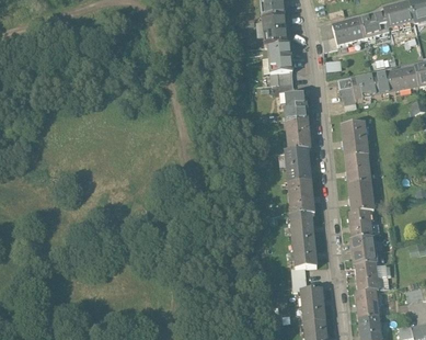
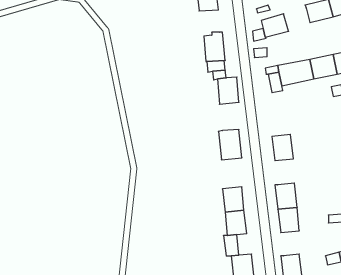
building: [358,10,389,36] -> none
building: [263,12,286,42] -> none
building: [286,116,311,148] -> none
building: [341,120,368,155] -> none
building: [288,179,314,214] -> none
building: [348,180,372,209] -> none
building: [355,261,379,290] -> none

